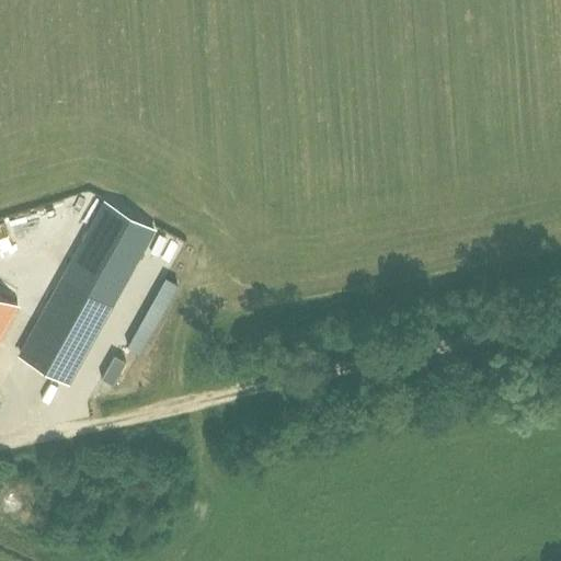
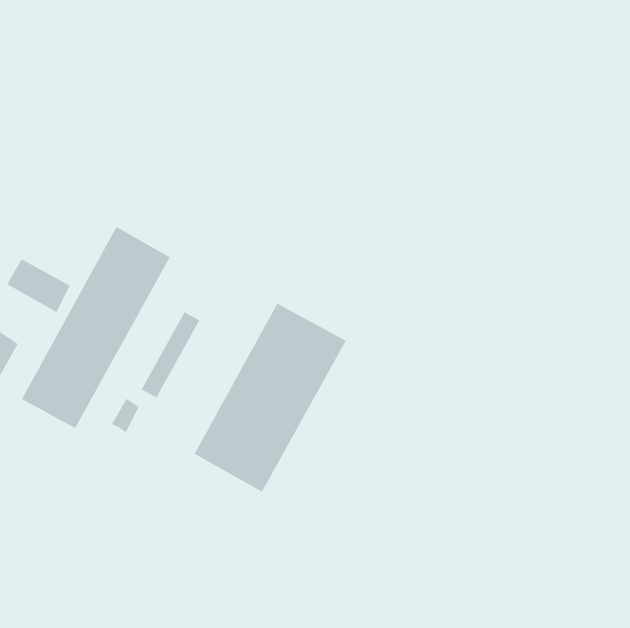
building: none -> [194,303,346,492]

